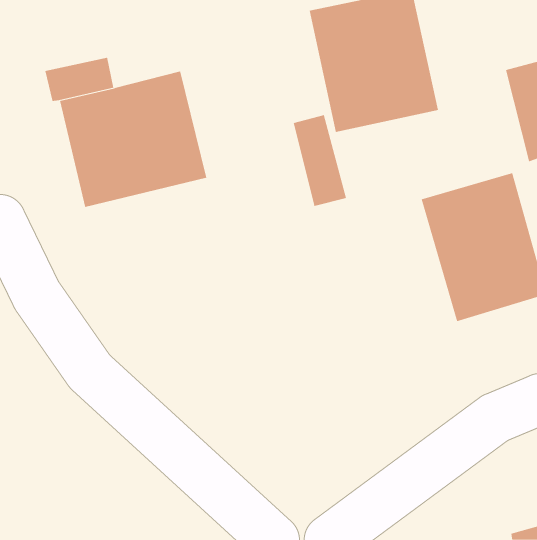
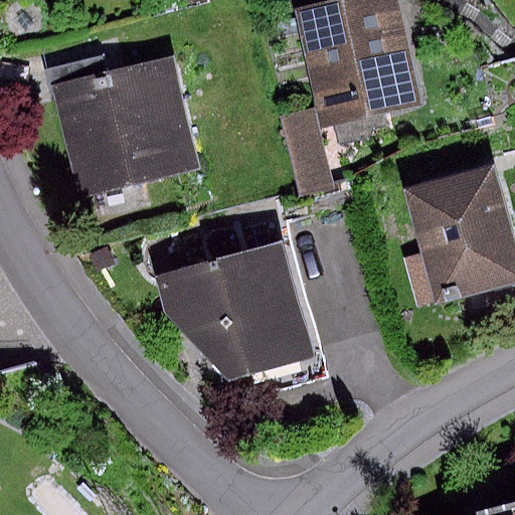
building: none -> [157,243,313,377]

